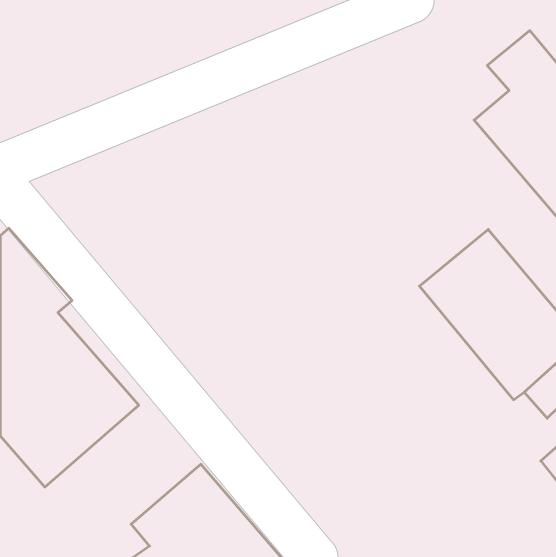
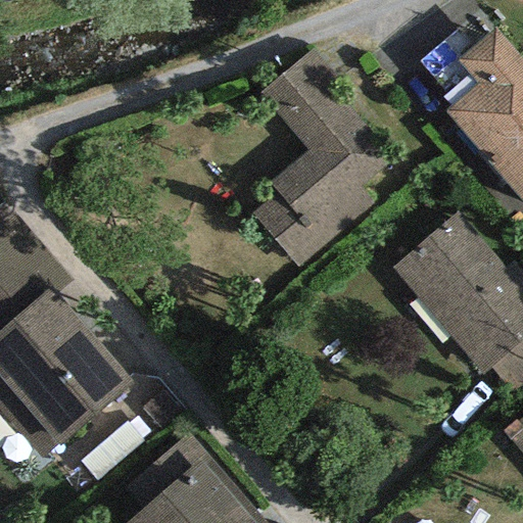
building: none -> [257,50,390,265]

